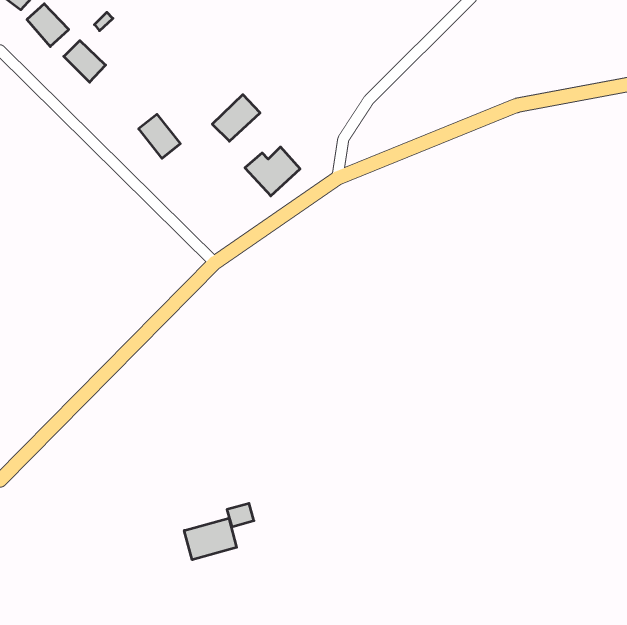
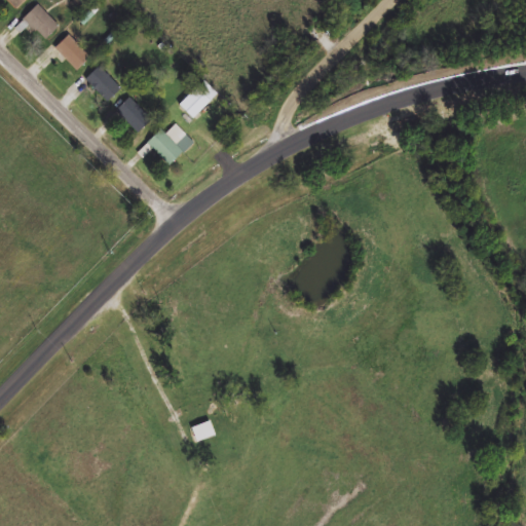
building: none -> [84,65,120,102]
building: [245,147,300,196] -> [147,123,193,164]
building: [184,518,237,560] -> none

